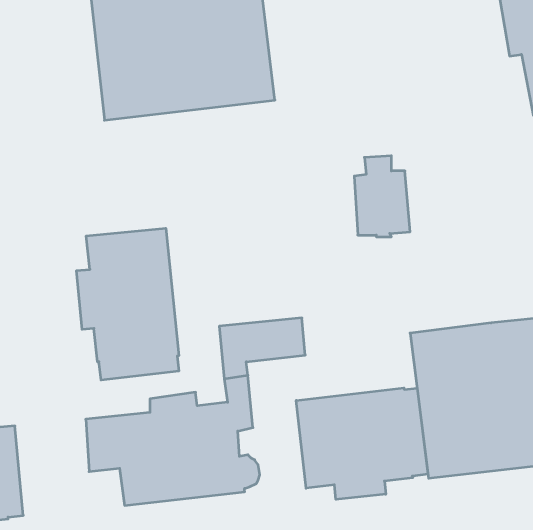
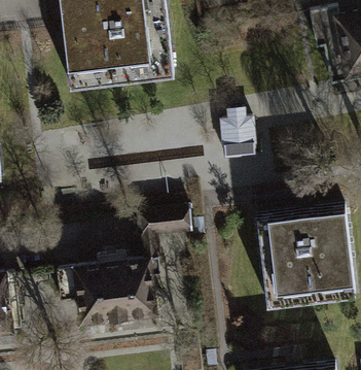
building: [77,228,179,380] -> none
building: [296,388,428,499] -> none

